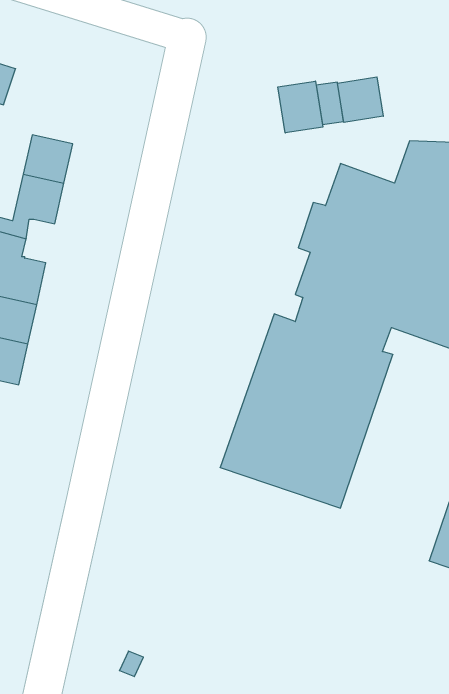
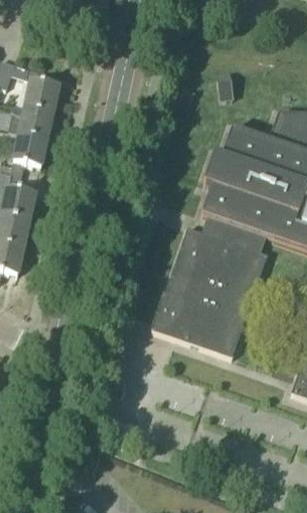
building: none -> [25,67,58,113]
building: [337,77,383,122] -> none
building: [278,81,323,133] -> none

